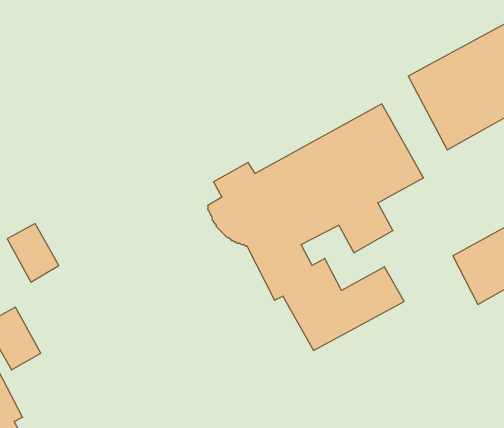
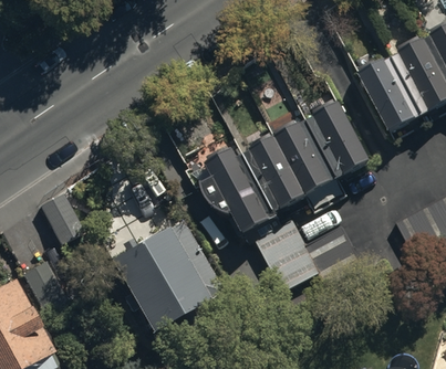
building: none -> [107,220,219,334]

